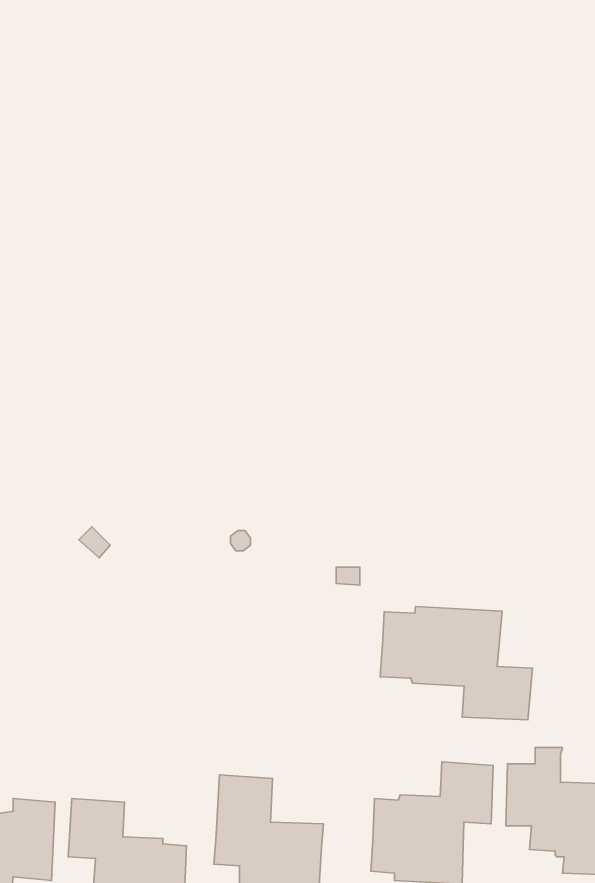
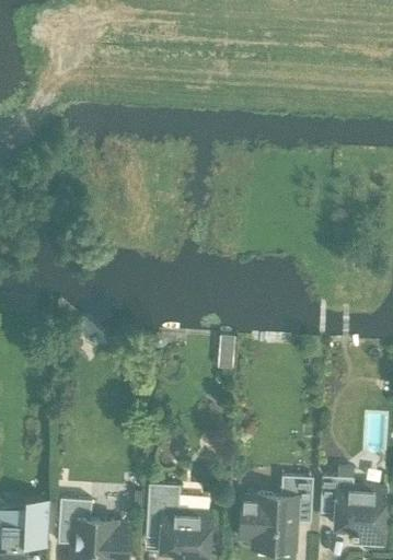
building: [380,607,532,720] -> none

